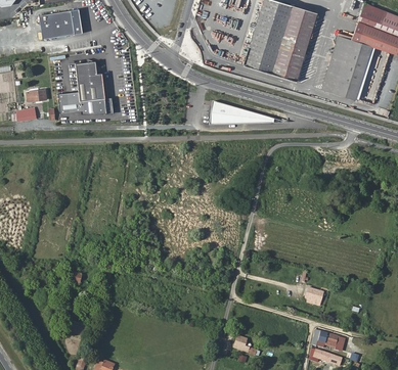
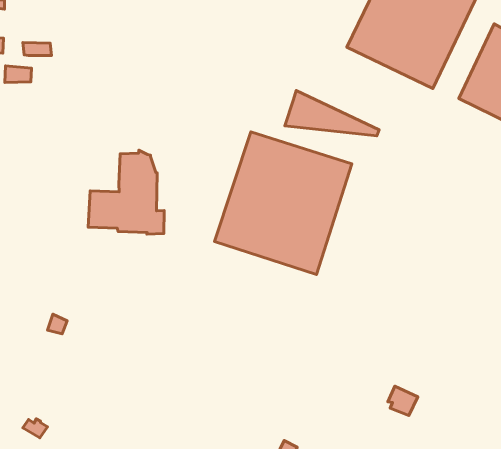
building: [59,62,113,119] -> [88,150,164,234]
building: none -> [214,132,352,274]

